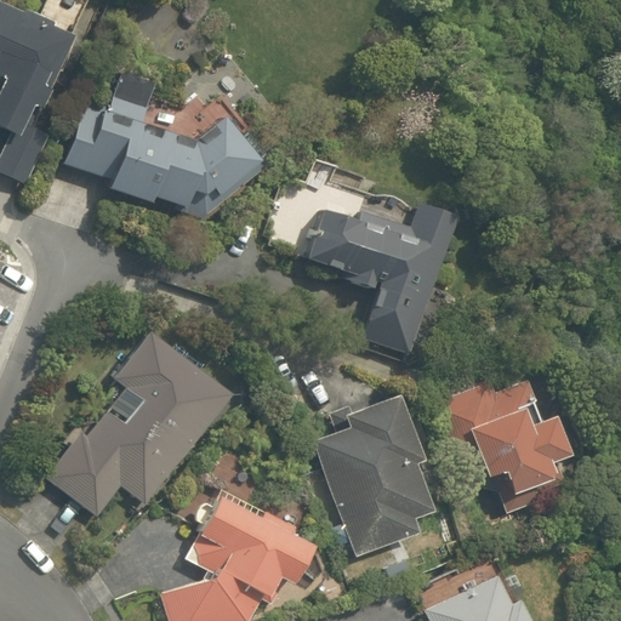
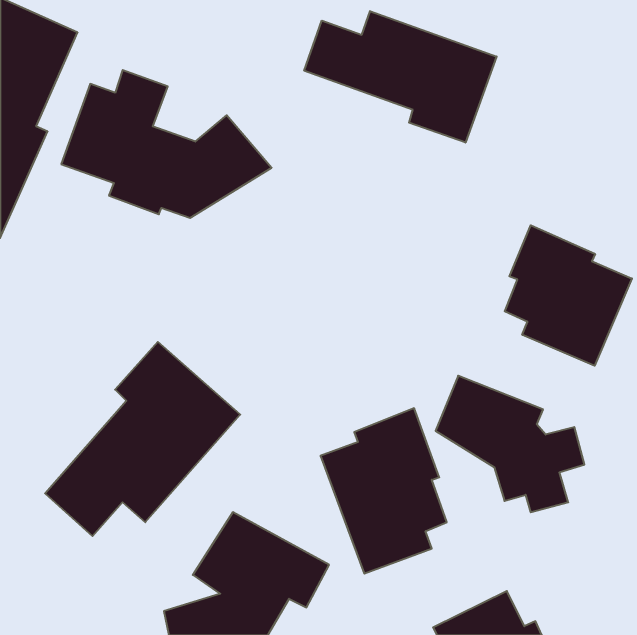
building: none -> [304,11,497,143]
building: [306,198,460,354] -> none
building: none -> [505,225,632,366]

